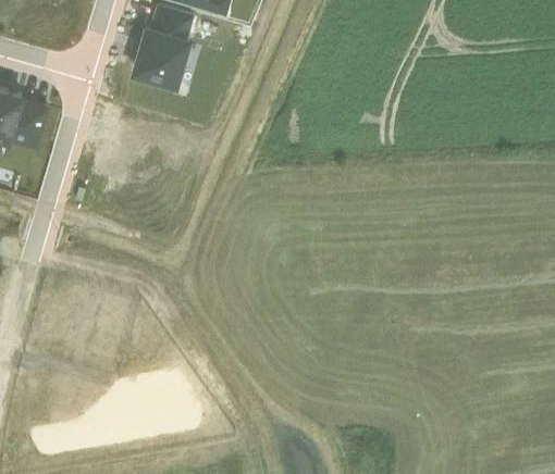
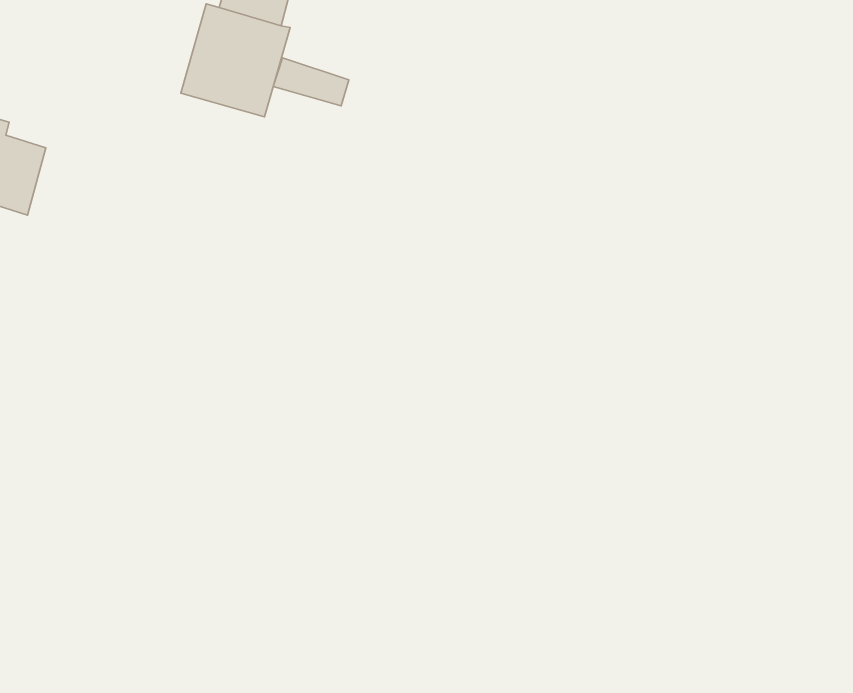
building: none -> [273,58,349,106]

